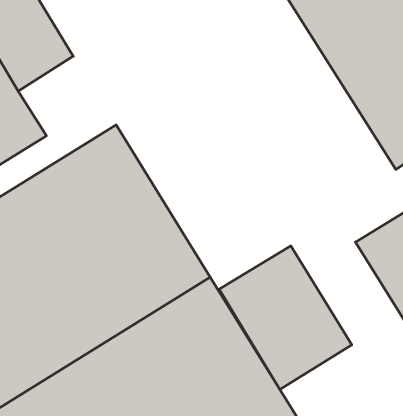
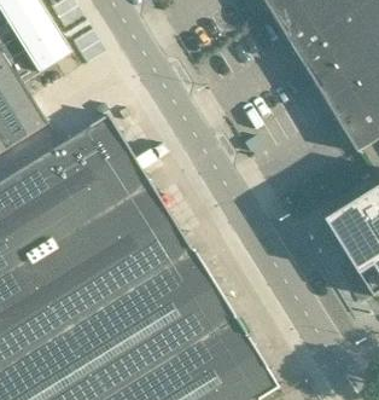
building: [219,246,352,389] -> none

